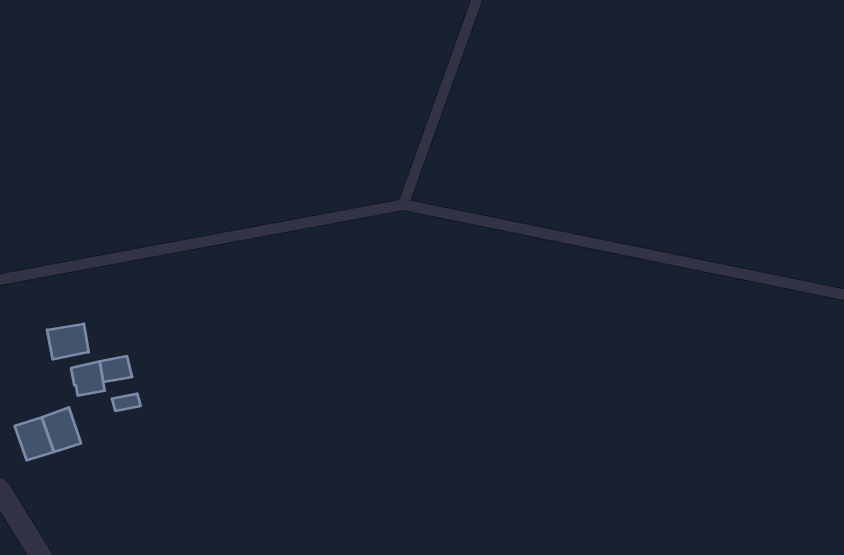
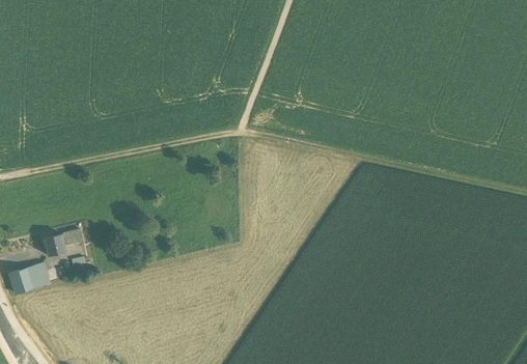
building: [47,324,89,359] -> none

